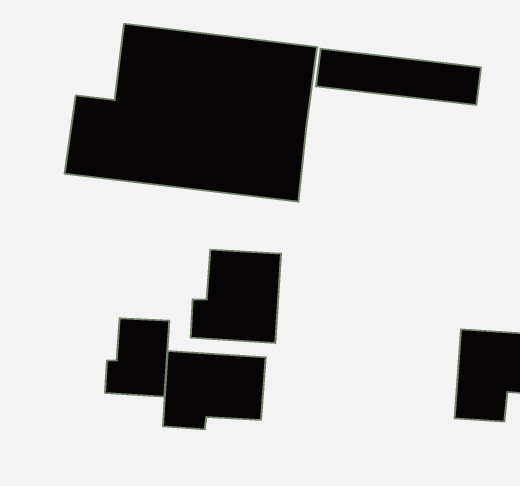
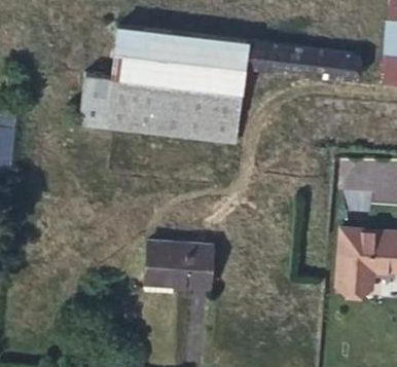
building: [191,250,281,343] -> none
building: [105,318,169,397] -> none

